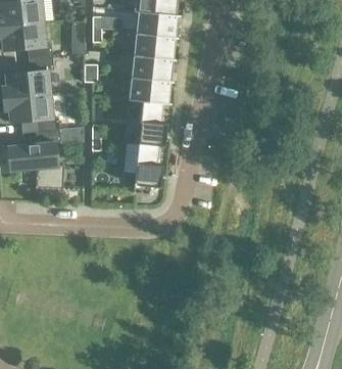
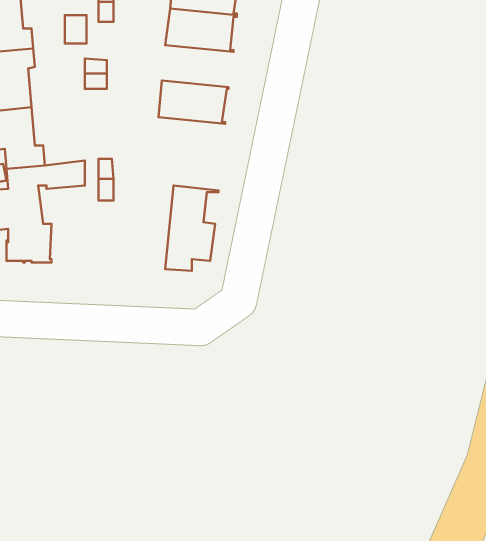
building: [130,55,174,81] -> none
building: [128,99,168,144] -> none

